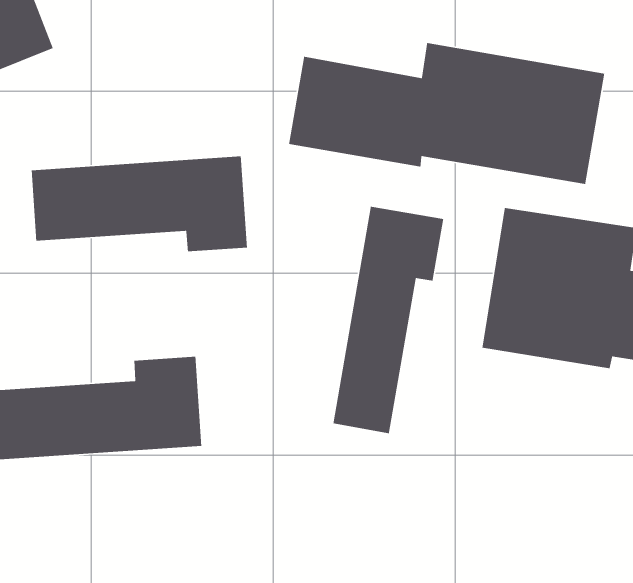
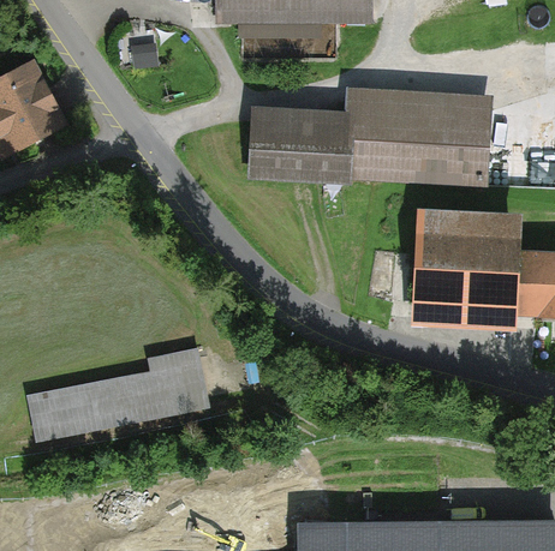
building: [31,156,248,252] -> none
building: [332,206,444,434] -> none

